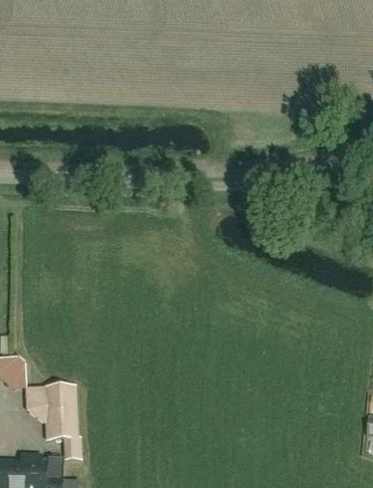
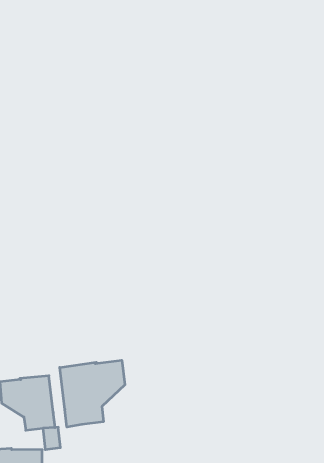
building: none -> [60,360,125,427]

